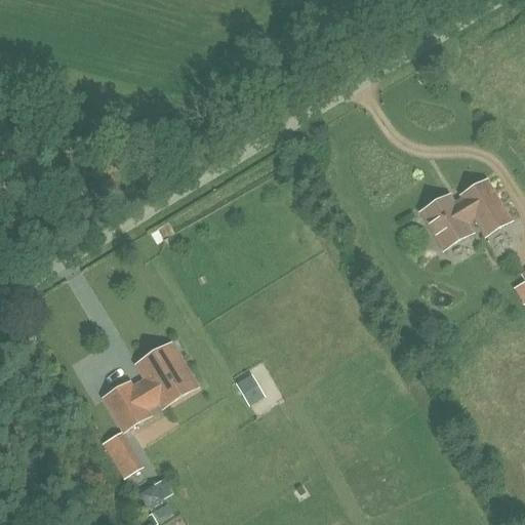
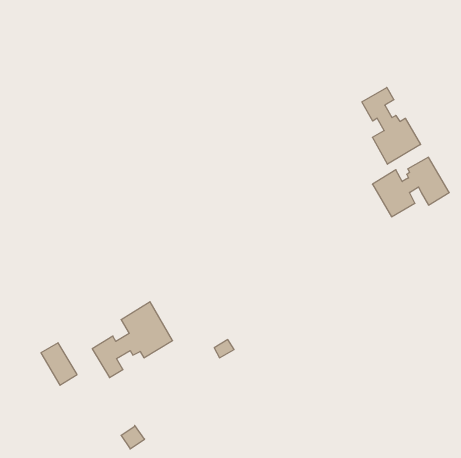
building: none -> [362,87,421,164]
building: [102,430,143,478] -> [41,343,77,385]

